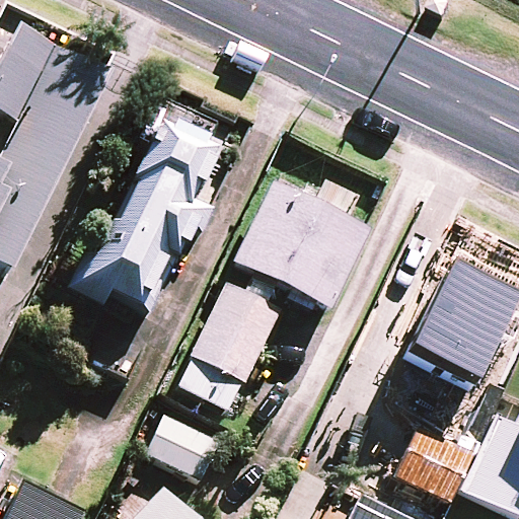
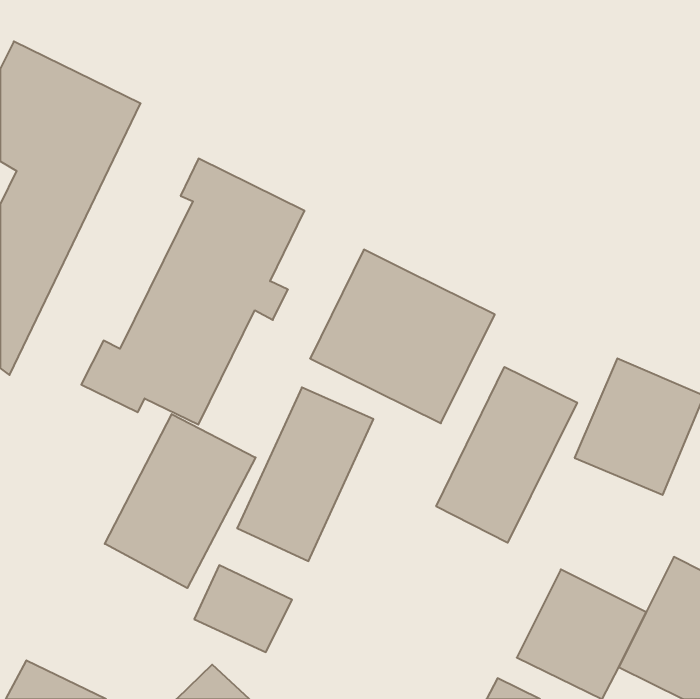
building: none -> [436,367,577,543]
building: none -> [105,414,256,588]

